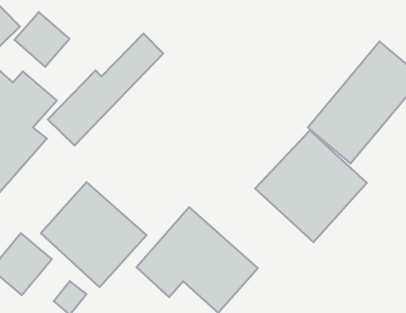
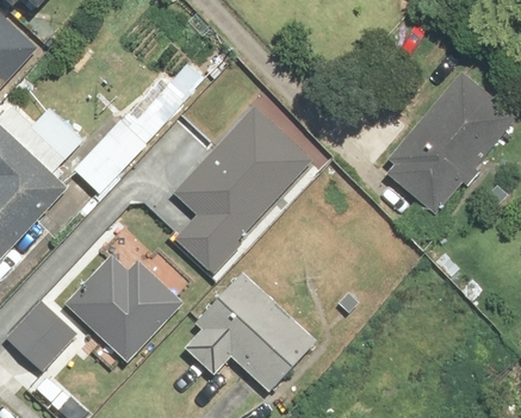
building: [15,12,70,67] -> none
building: none -> [167,98,316,272]
building: [255,130,367,242] -> none

